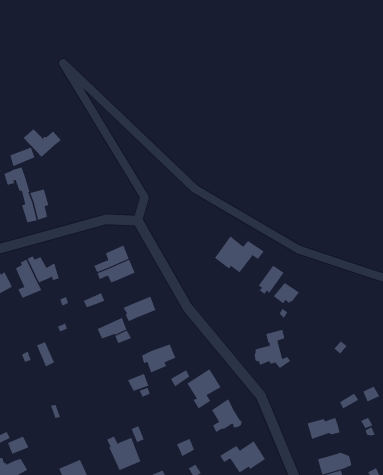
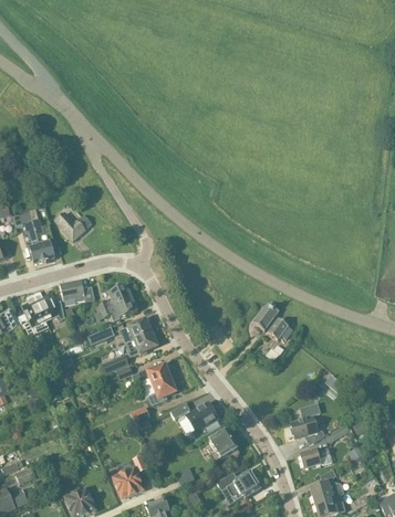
building: [23,129,61,158] -> [55,212,92,240]
building: [214,236,264,273] -> none
building: none -> [60,278,94,300]
building: none -> [118,318,152,344]
building: none -> [137,363,170,389]
building: [254,329,291,369] -> [290,404,325,442]

